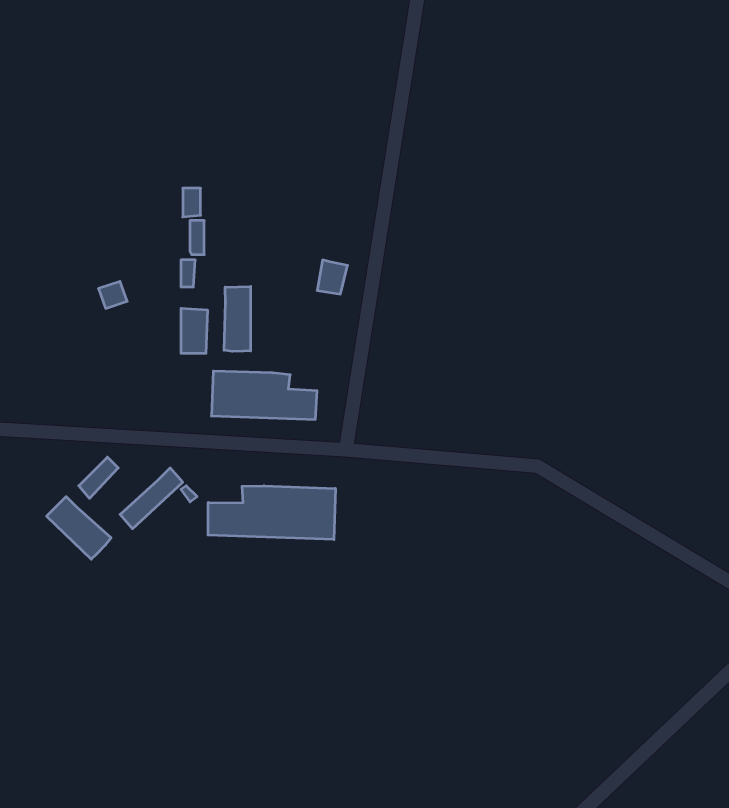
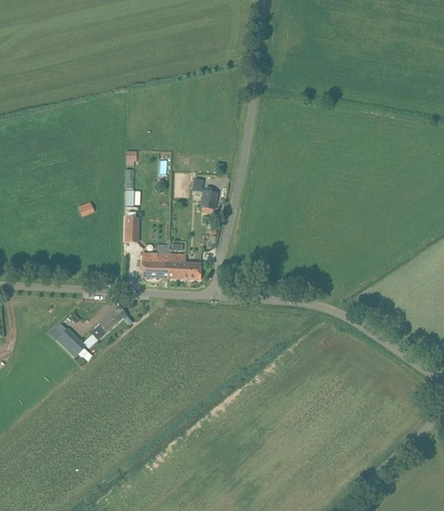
building: [224,286,251,351] -> none
building: [208,486,335,540] -> none

